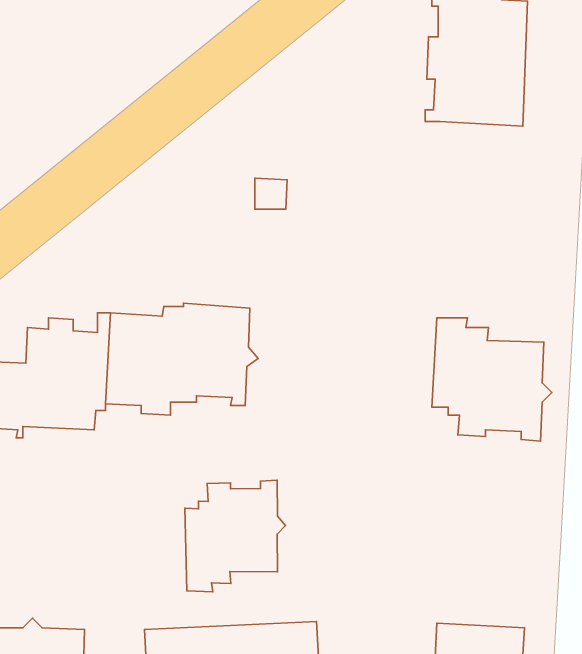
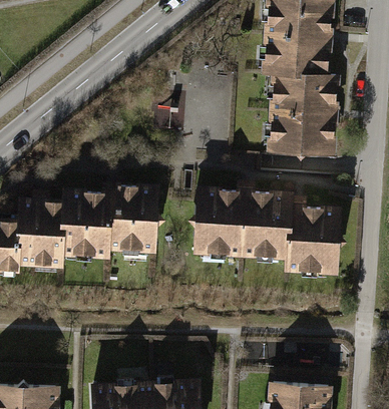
building: none -> [271,75,335,158]
building: none -> [190,186,273,256]
building: [185,480,286,592] -> none

